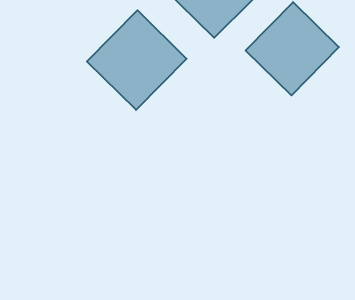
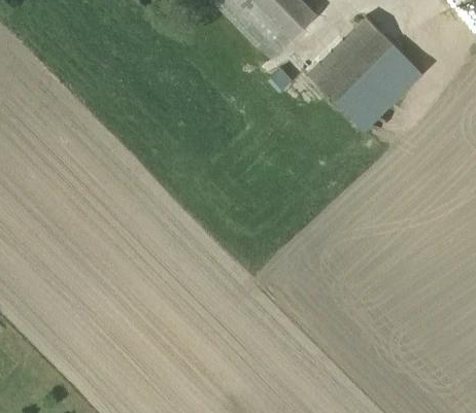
building: [87,10,187,110] -> none

